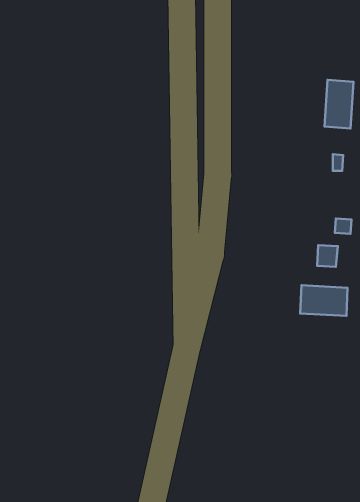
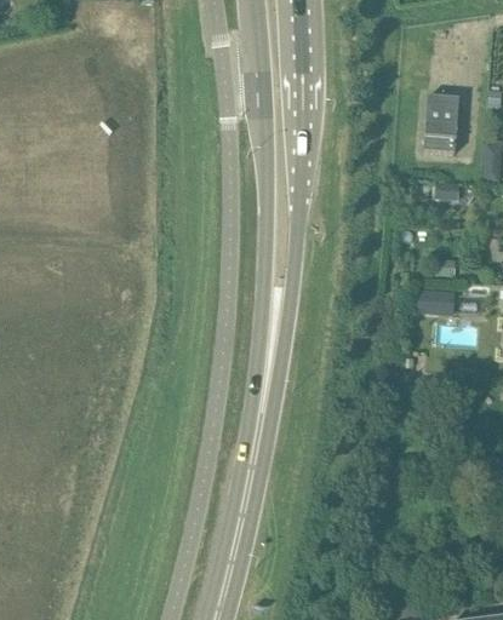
building: [300,285,348,316] -> none

